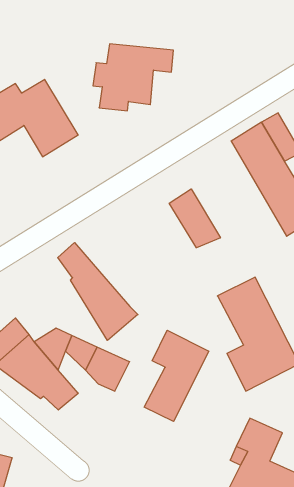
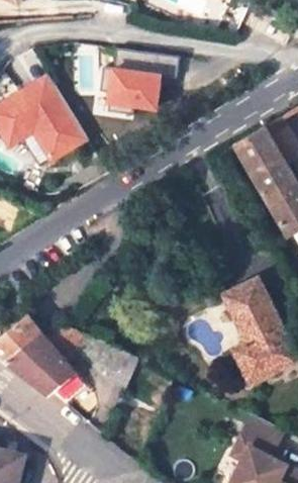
building: [169,189,220,248] -> none
building: [58,243,138,340] -> none
building: [144,330,209,421] -> none

